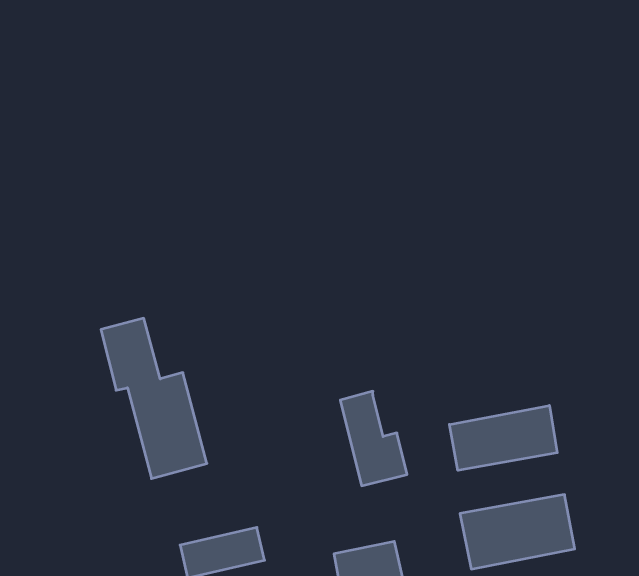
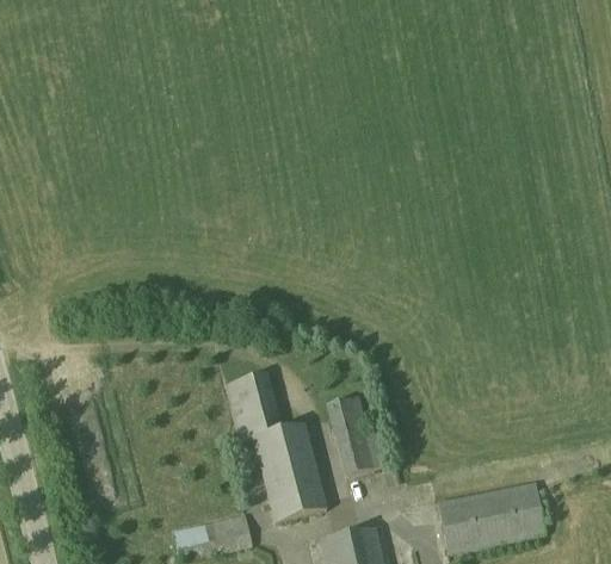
building: [101,318,207,479] -> [227,372,327,523]
building: [449,405,557,470] -> none

